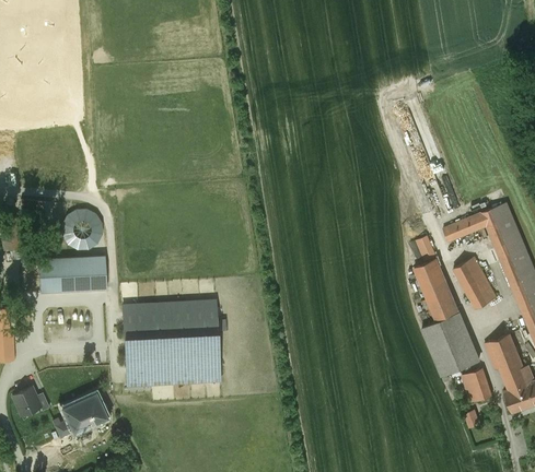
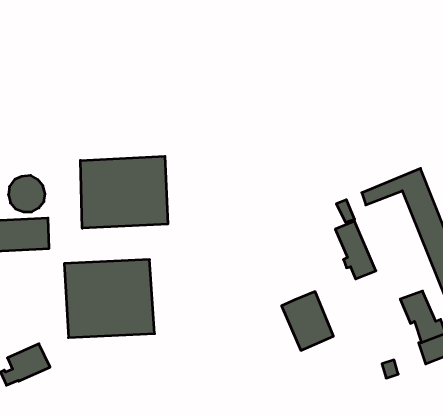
building: none -> [80,156,168,228]
building: [454,258,496,308] -> none
building: [422,312,478,376] -> [282,292,333,350]
building: [462,368,492,403] -> none

